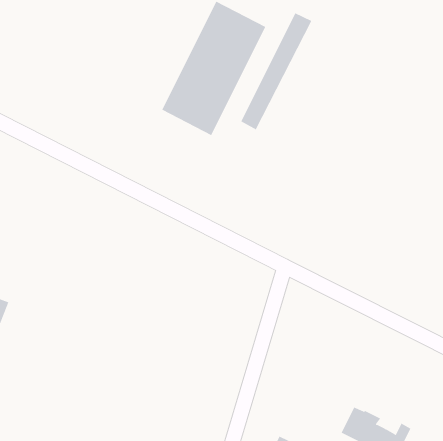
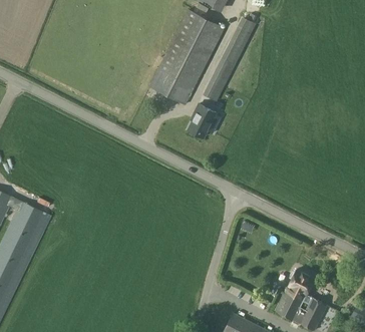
building: none -> [188,104,215,137]
building: none -> [284,269,326,312]

